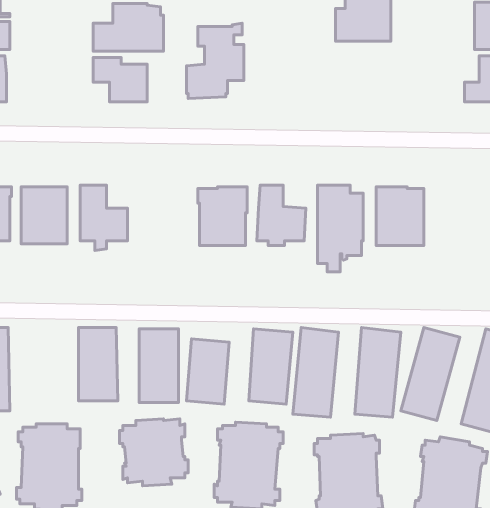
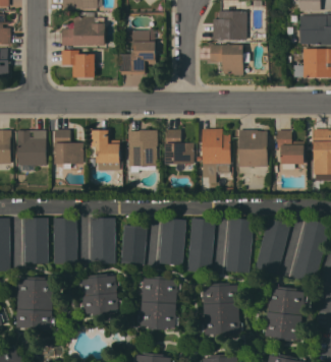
building: none -> [210,43,252,75]
building: none -> [92,130,120,163]
building: none -> [277,130,305,169]
building: none -> [24,218,48,269]

